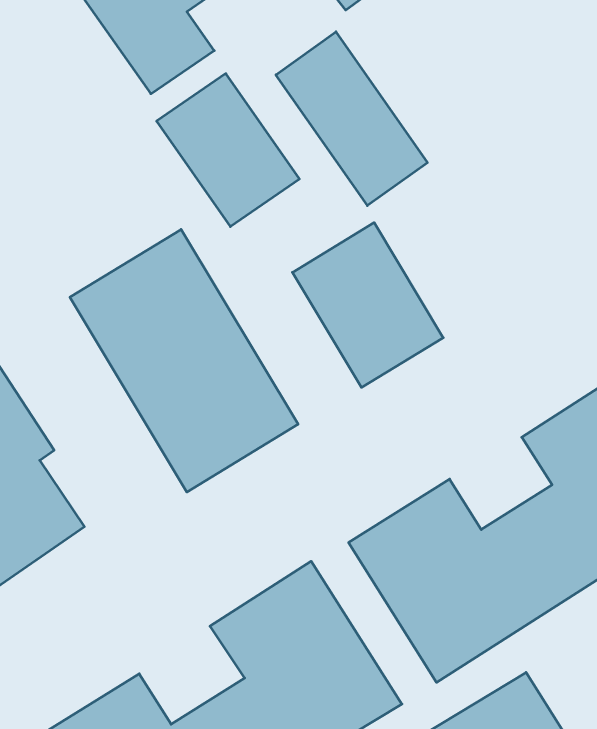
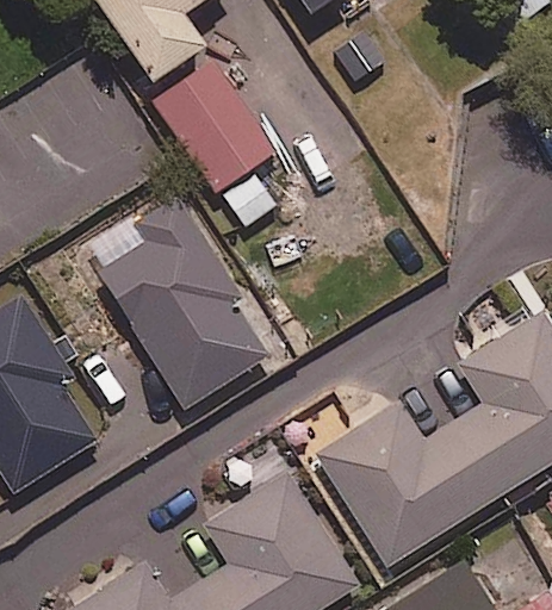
building: [276,32,427,206] -> none
building: [292,223,443,387] -> none

